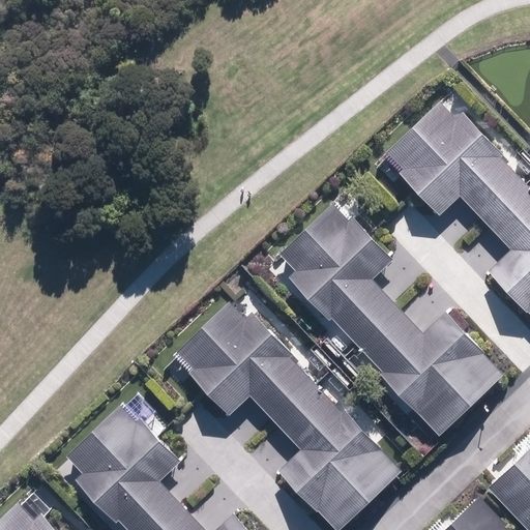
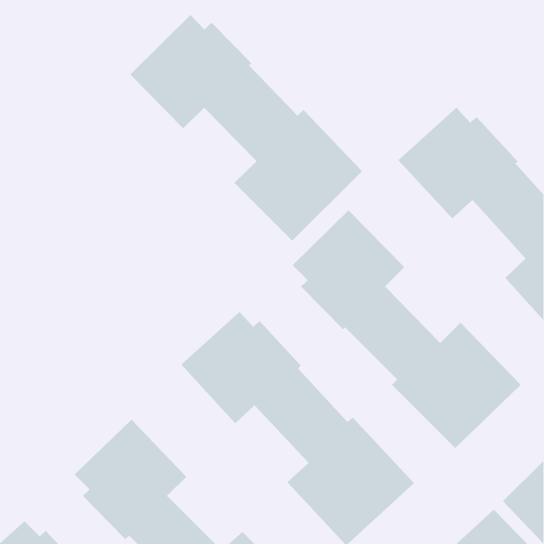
building: none -> [129,14,363,241]

